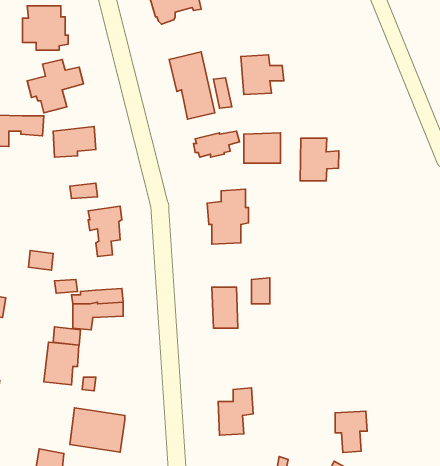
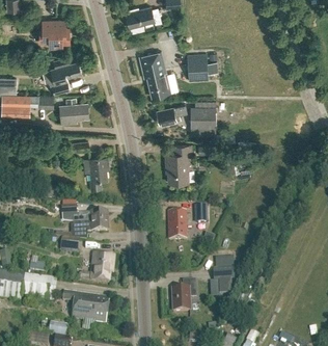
building: [300,138,339,181] -> none
building: [44,342,79,385] -> [90,255,114,284]
building: [335,411,367,453] -> [214,268,236,296]

